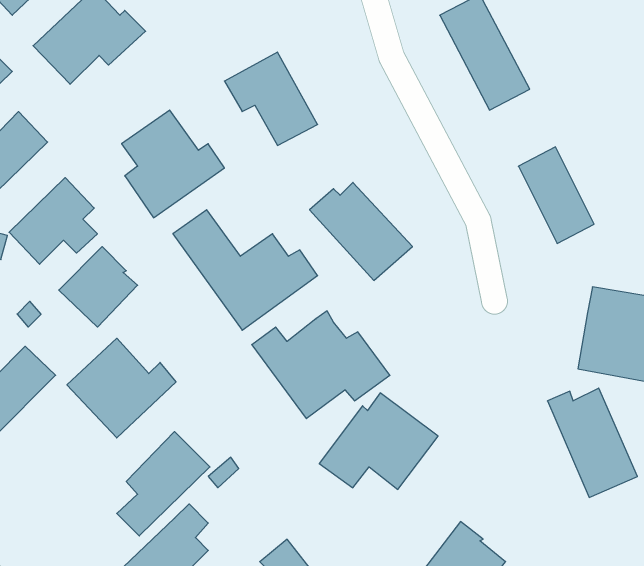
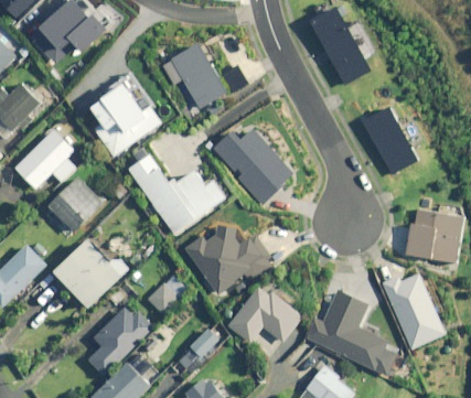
building: none -> [148,283,179,314]
building: none -> [304,290,397,376]
building: none -> [174,329,218,370]

